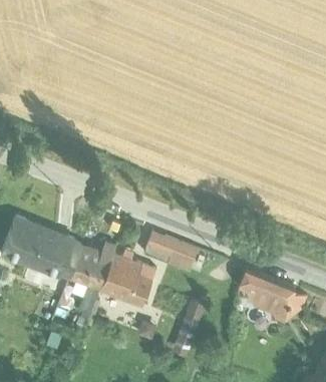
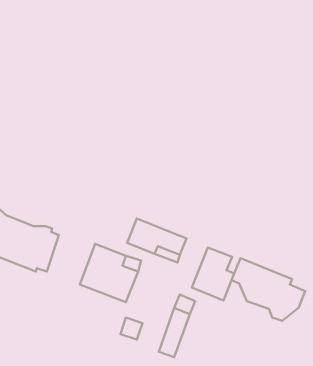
building: [68,242,114,331] -> none
building: none -> [192,247,234,300]

